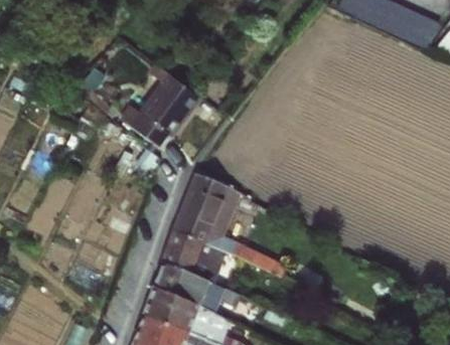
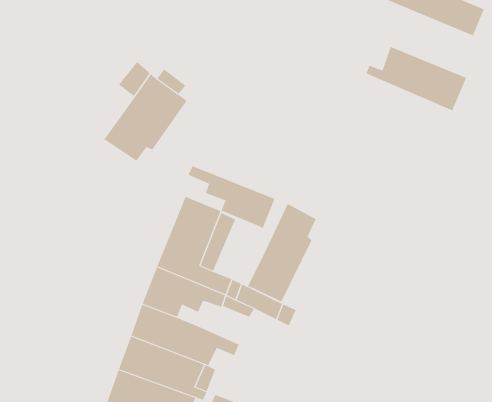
building: none -> [366,46,467,111]
building: none -> [187,165,275,229]
building: none -> [247,203,317,302]

